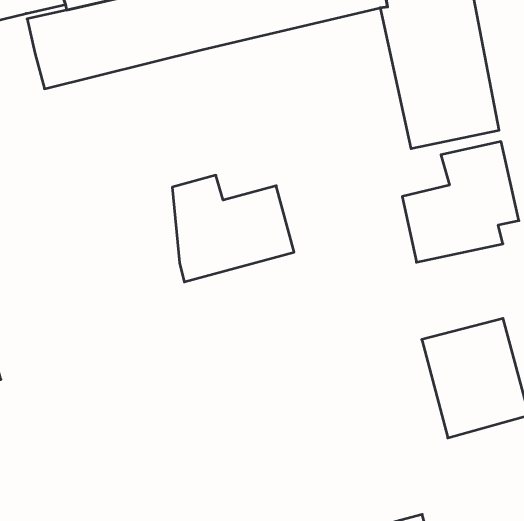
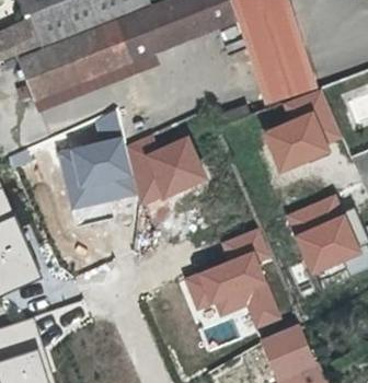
building: none -> [59,137,136,208]
building: none -> [188,231,276,324]

